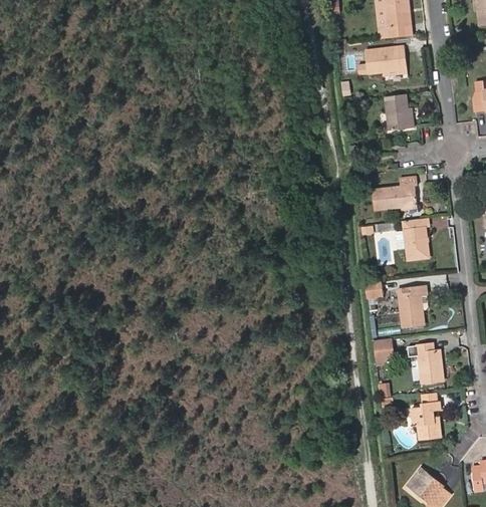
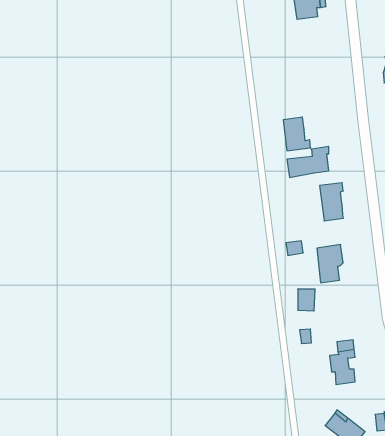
building: [361,44,404,71] -> none
building: [384,92,414,130] -> [283,117,311,151]
building: [420,344,445,385] -> none

